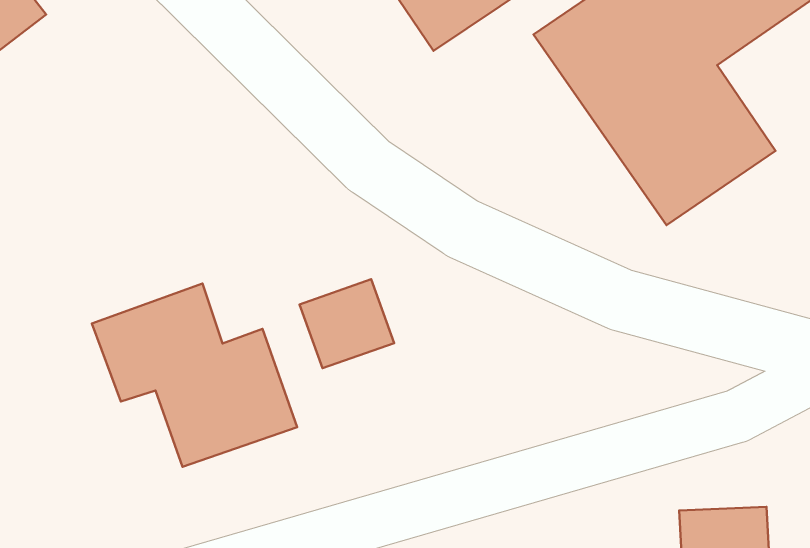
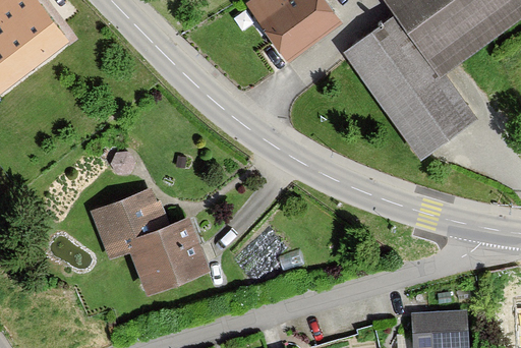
building: [299,279,394,368] -> none

